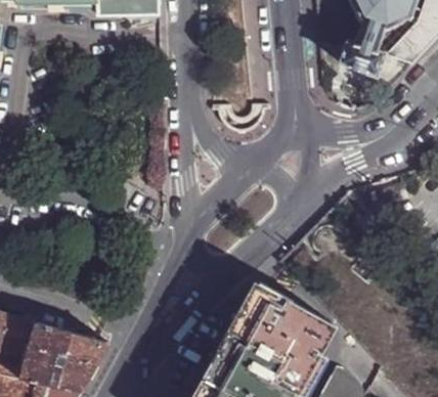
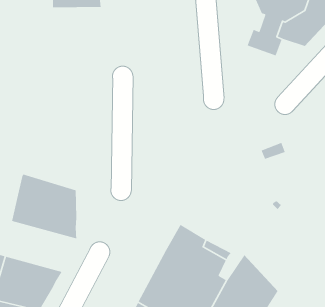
building: none -> [11,174,77,239]

